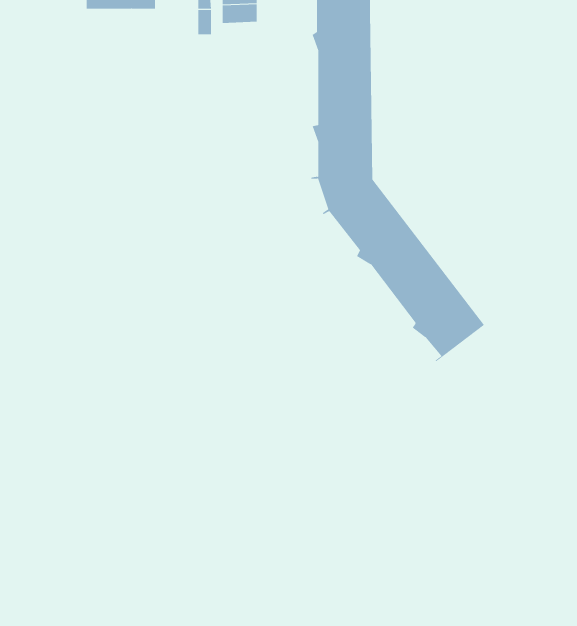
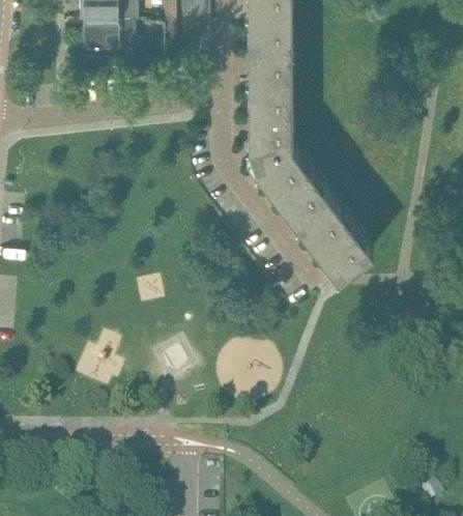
building: none -> [83,21,134,48]

